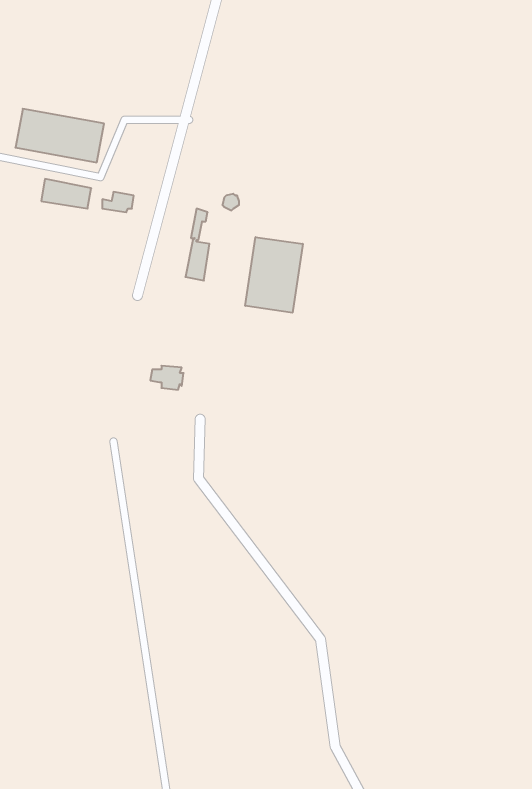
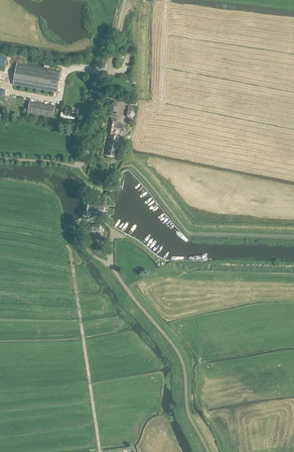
building: [245,237,303,313] -> none

